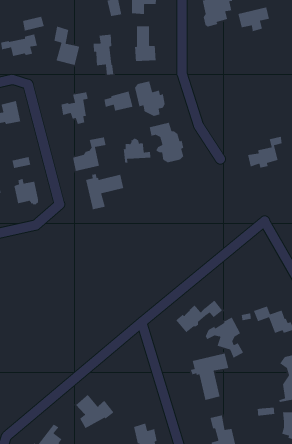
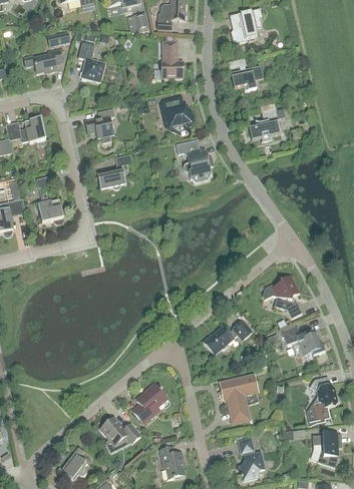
building: [237,6,270,32] -> [230,64,263,90]
building: [93,34,114,75] -> none
building: [104,90,133,112] -> none
building: [247,136,283,168] -> [249,107,285,140]
building: [123,138,151,164] -> none
building: [85,173,124,210] -> none
building: [205,317,244,359] -> [262,275,302,318]
building: none -> [132,382,166,423]

